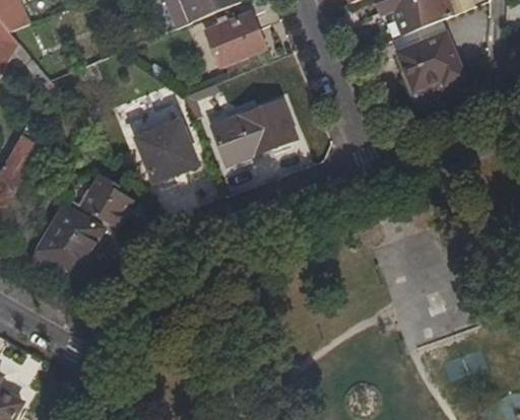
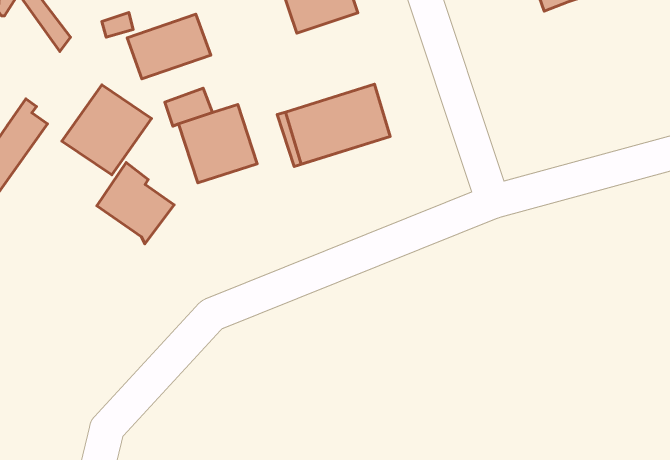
building: [392,30,460,97] -> none
building: none -> [127,14,211,79]
building: [39,205,104,271] -> [62,85,152,175]

